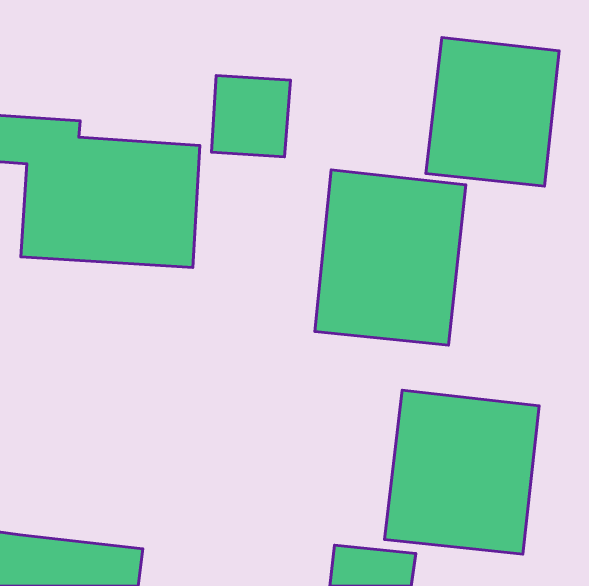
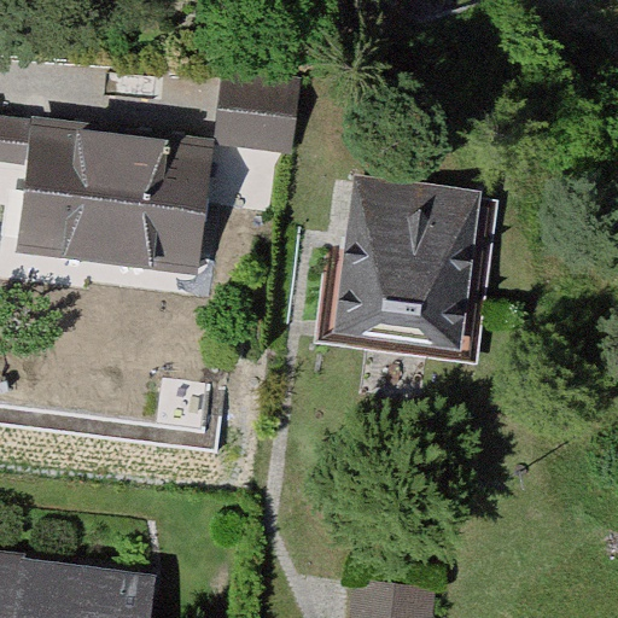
building: [426,37,559,186] -> none
building: [385,390,539,554] -> none

